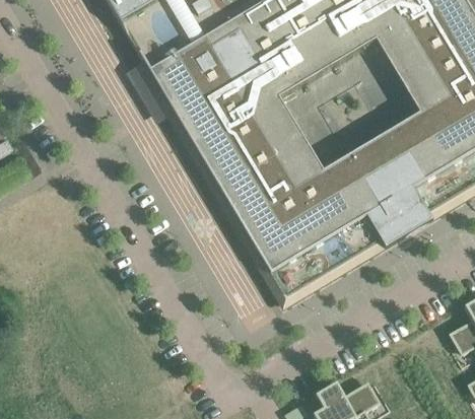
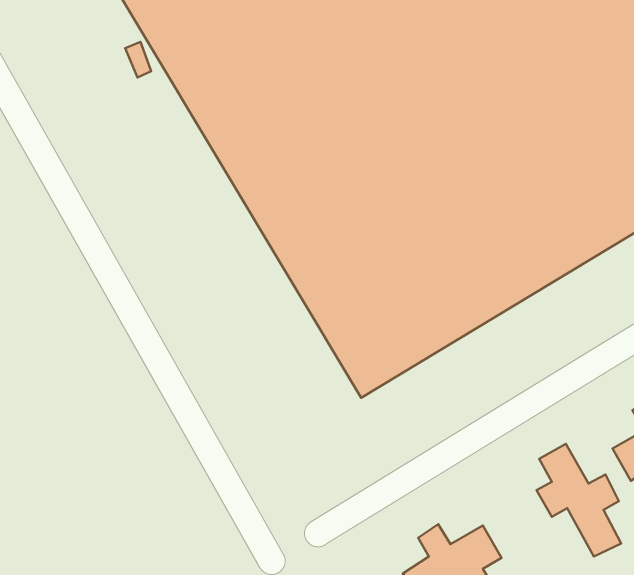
building: none -> [537,444,621,556]

